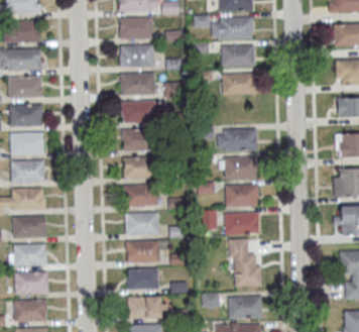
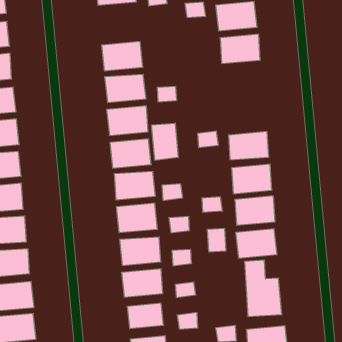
building: [118,16,152,38] -> none
building: [221,72,255,95] -> none
building: none -> [152,123,178,160]

